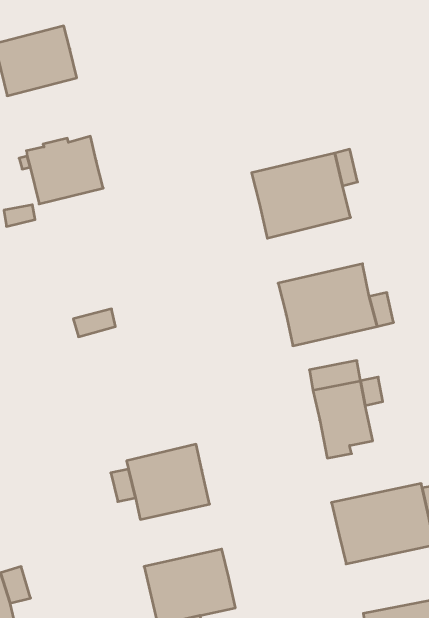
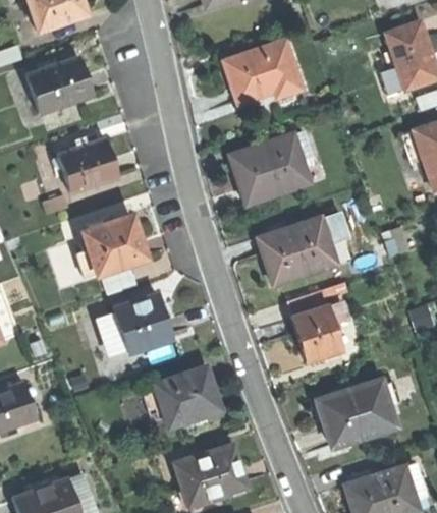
building: none -> [224,40,304,102]
building: none -> [76,214,146,277]
building: none -> [104,294,172,352]

